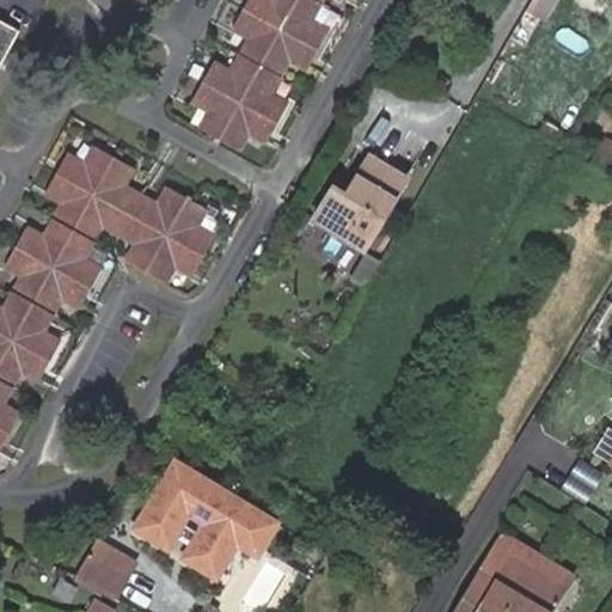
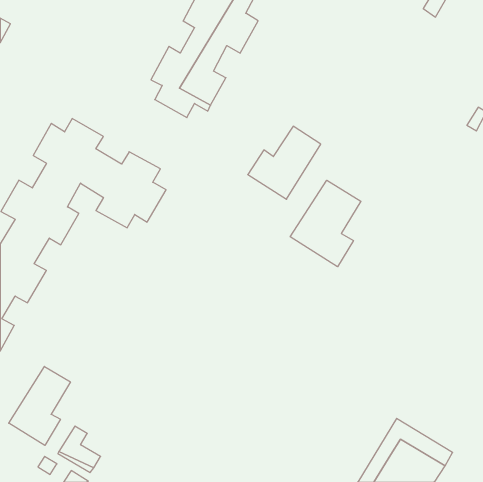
building: none -> [290,180,361,267]
building: [133,459,274,568] -> none
building: none -> [9,366,70,445]

